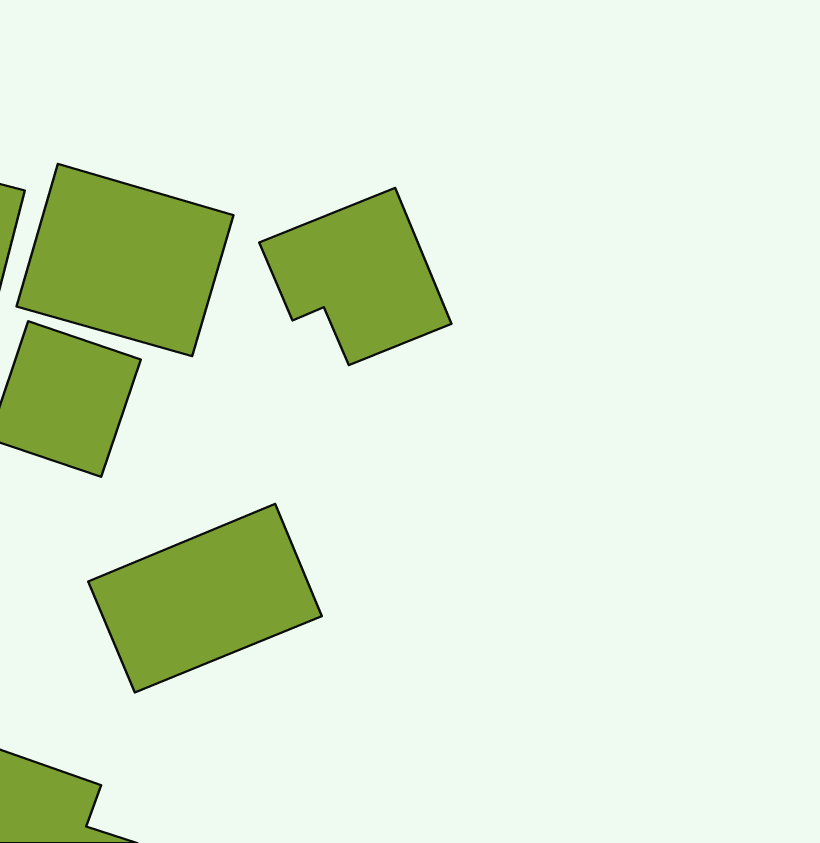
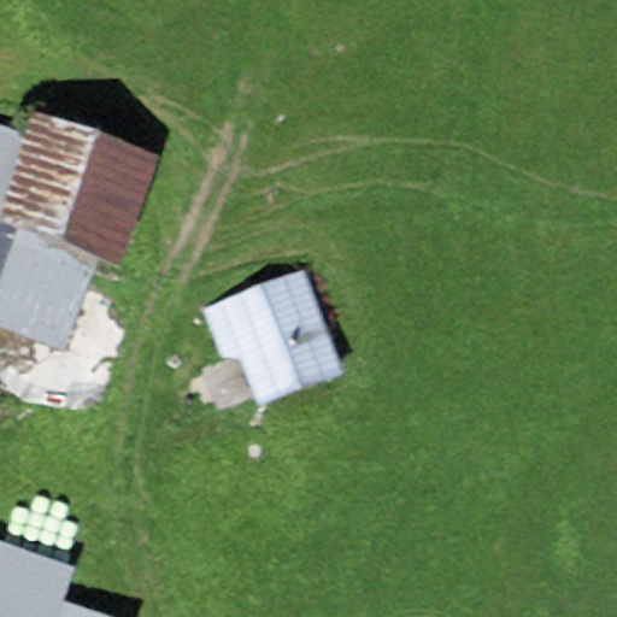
building: [259,188,451,365] -> [196,269,336,398]
building: [88,504,322,693] -> none

